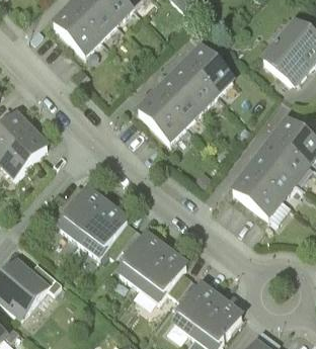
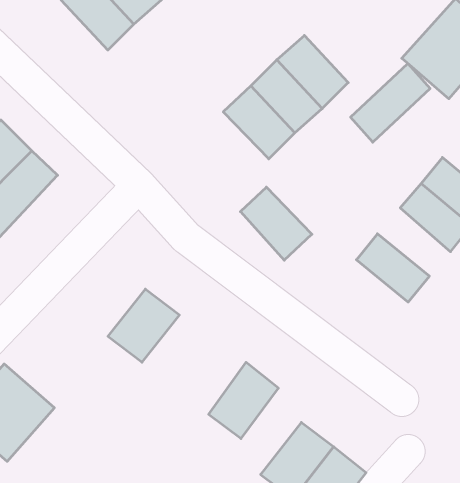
building: none -> [351,64,430,142]
building: [138,96,182,142] -> [240,187,312,260]
building: [250,156,296,198] -> none
building: [61,189,105,236] -> none
building: [124,237,168,284] -> none

